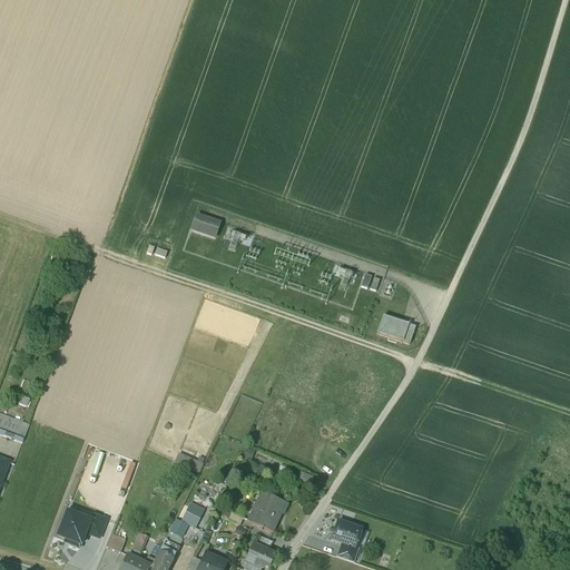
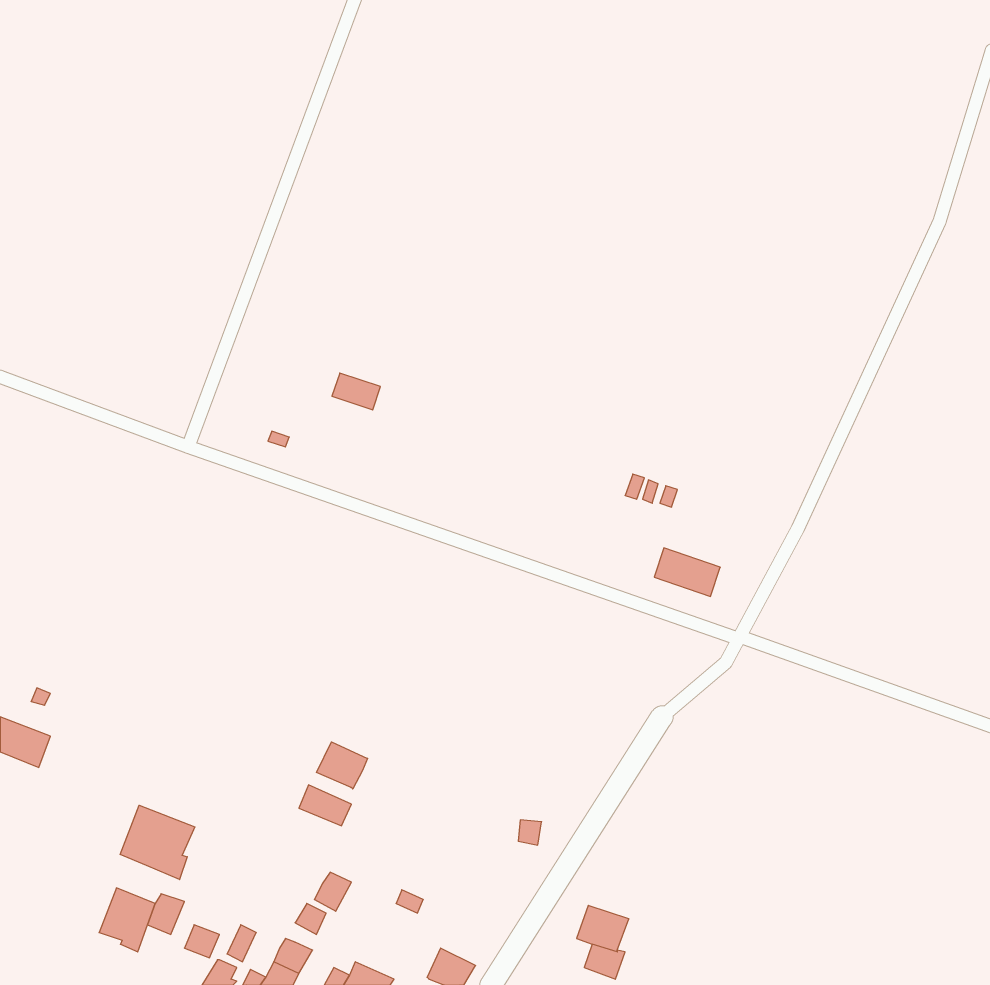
building: none -> [317,742,368,789]
building: none -> [120,805,195,880]
building: [249,490,287,531] -> none

